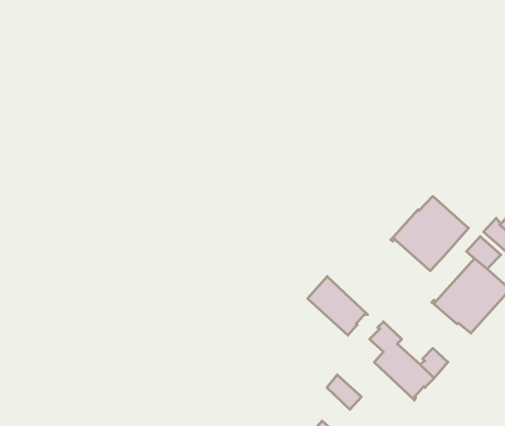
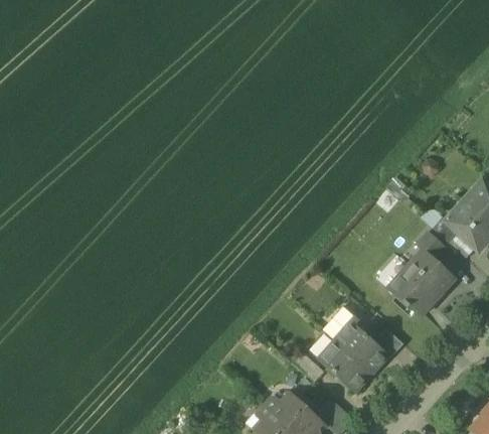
building: [391,196,469,271] -> none
building: [308,276,368,335] -> [319,340,371,392]

